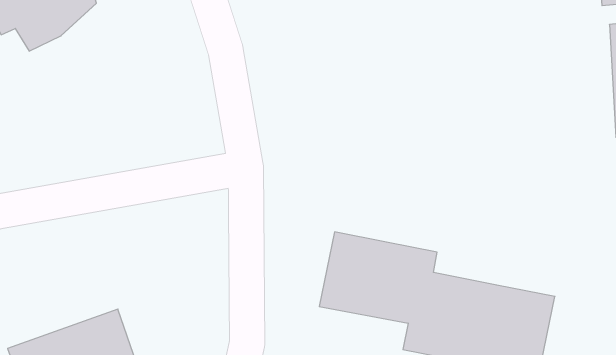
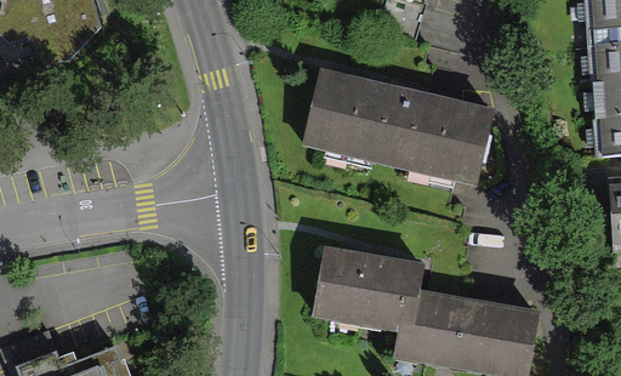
building: none -> [304,64,495,188]

